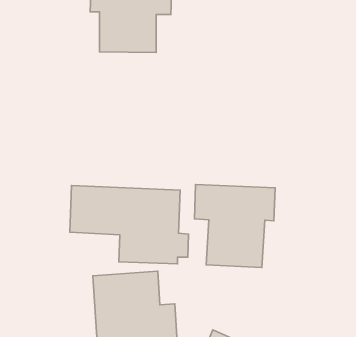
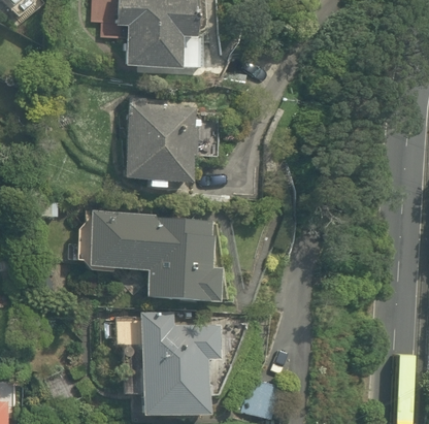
building: none -> [126,113,193,189]
building: [194,185,275,268] -> none

